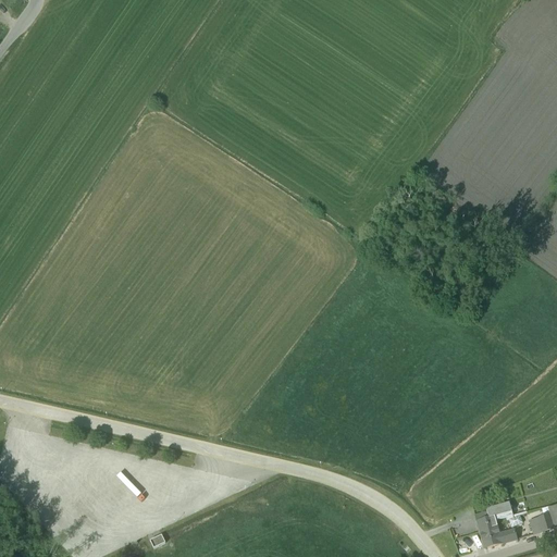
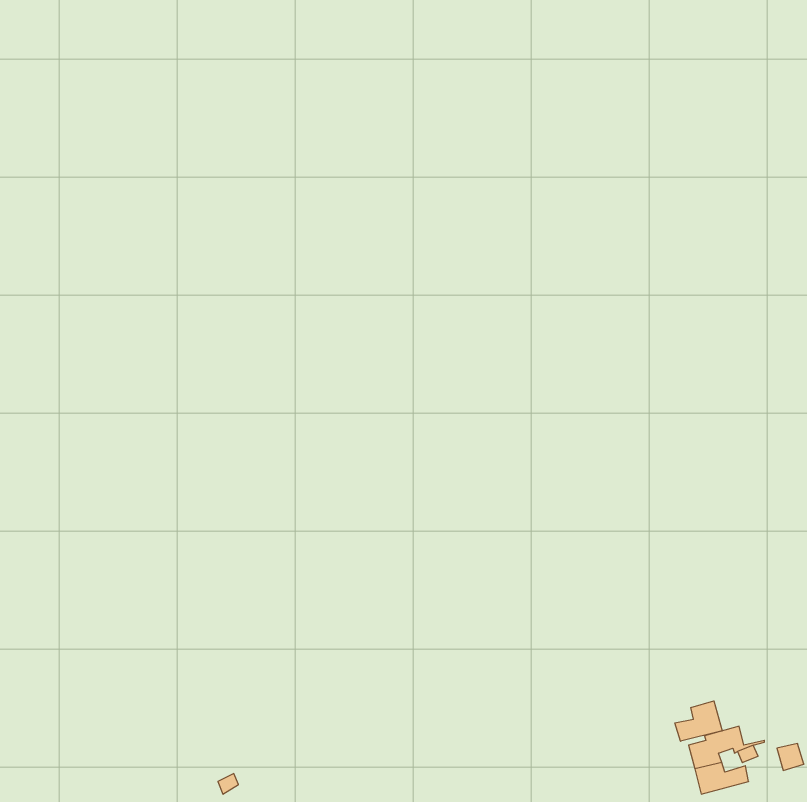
building: none -> [675,701,722,741]

